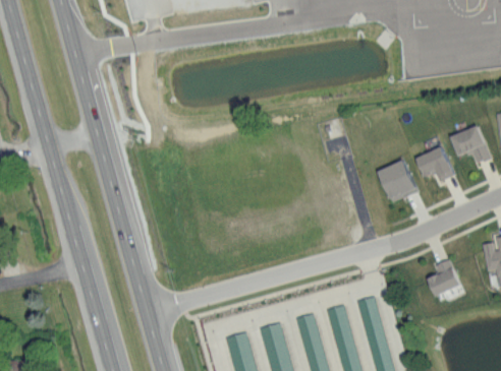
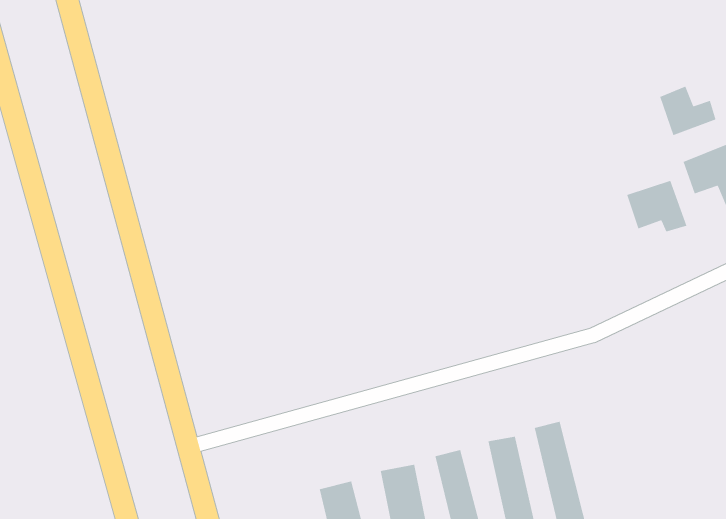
building: none -> [659,86,717,136]
building: [378,160,418,202] -> none
building: [427,259,461,296] -> none

